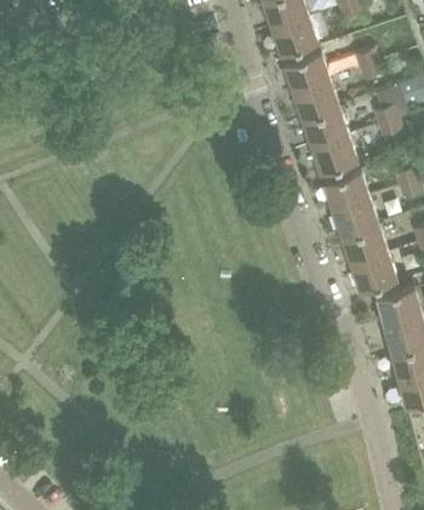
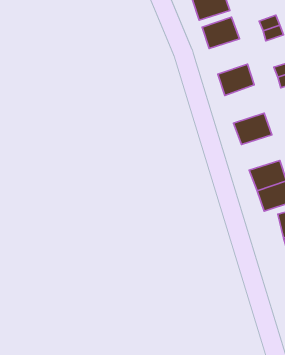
building: [291,76,337,115] -> none
building: [310,133,355,171] -> none
building: [331,195,377,234] -> none

